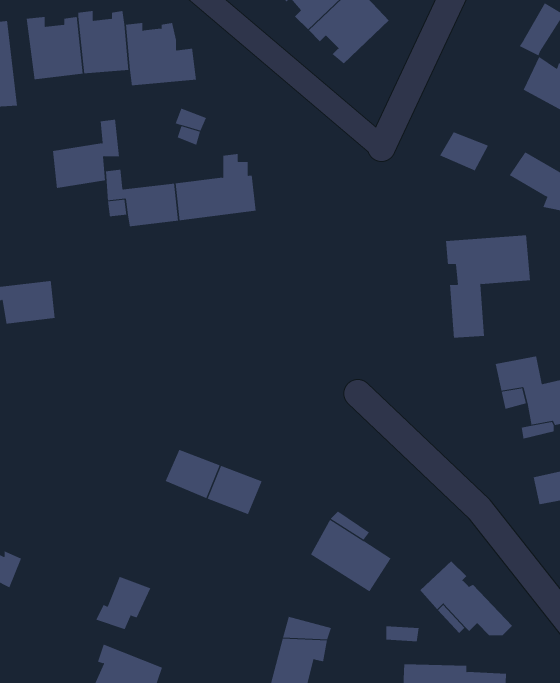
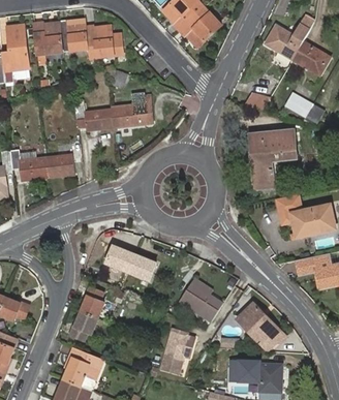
building: none -> [264,25,300,60]
building: [52,119,120,189] -> [47,143,82,179]
building: none -> [82,288,104,319]

